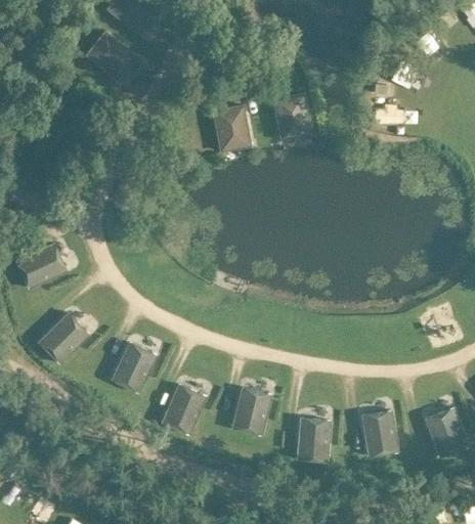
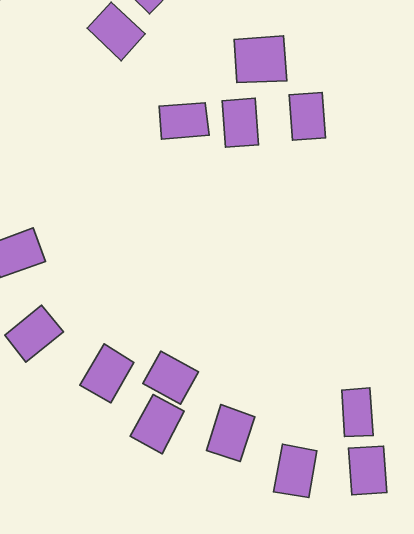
building: none -> [234,36,287,83]
building: none -> [159,103,209,139]
building: none -> [143,351,198,404]
building: none -> [342,388,373,437]

